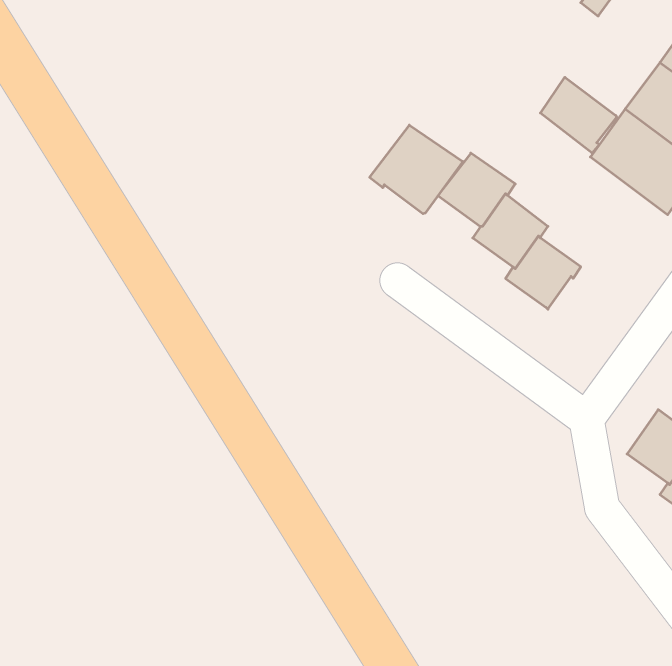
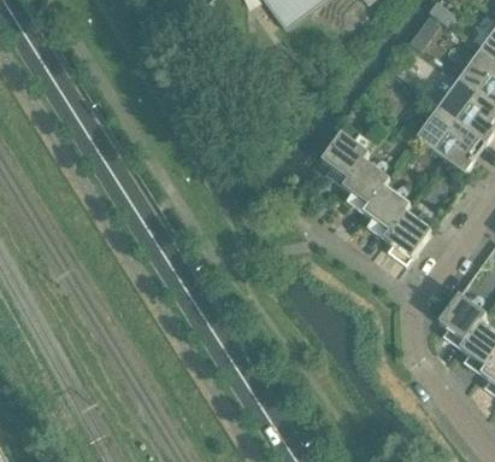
building: [540,77,617,153] -> none
building: [370,125,463,214] -> none
building: none -> [383,210,430,257]

